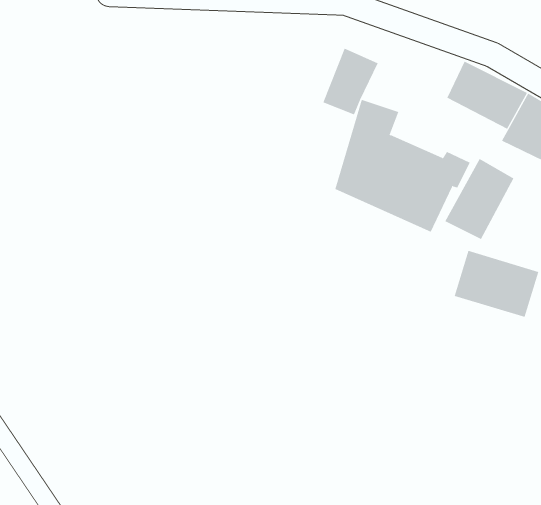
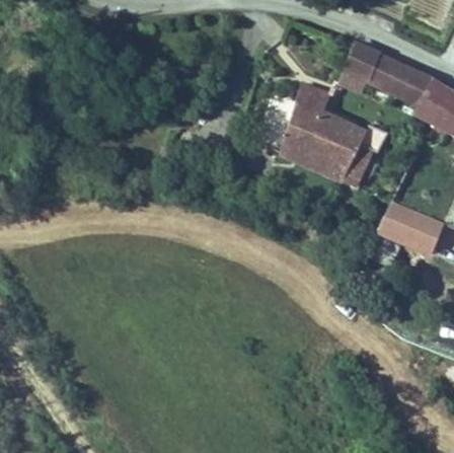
building: [323,48,379,115] -> [339,40,384,93]
building: [445,158,514,240] -> none

